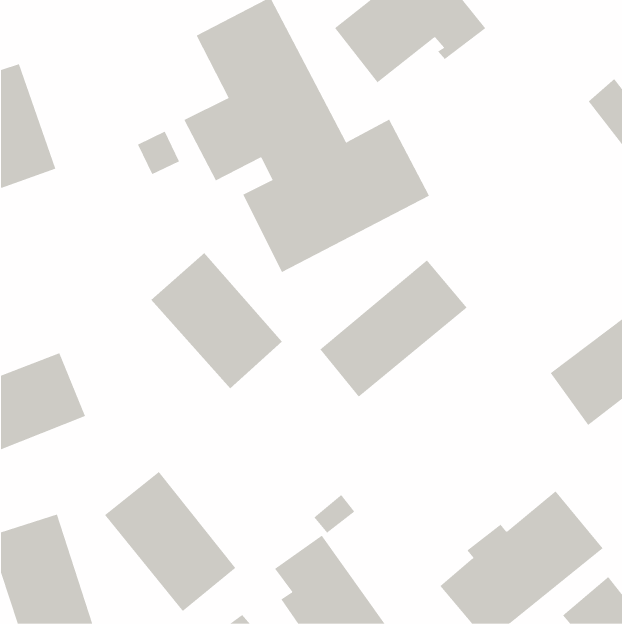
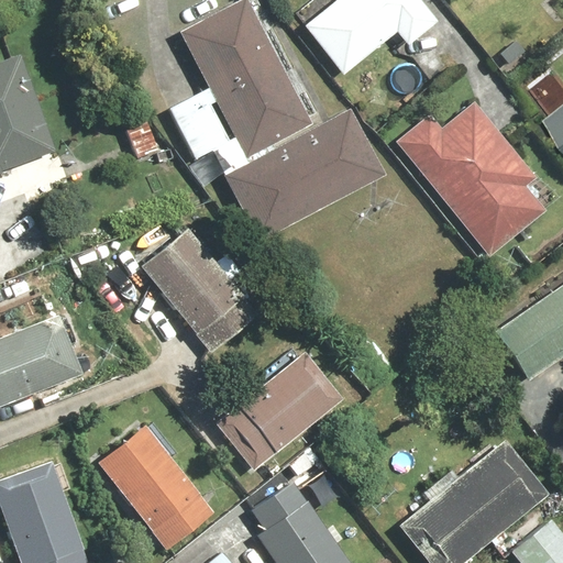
building: none -> [395,104,552,256]
building: [320,259,467,398] -> none
building: none -> [218,353,341,470]

